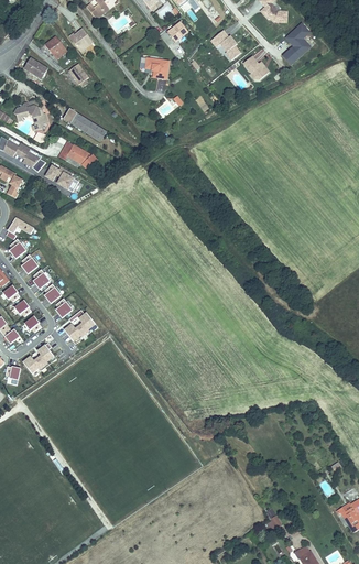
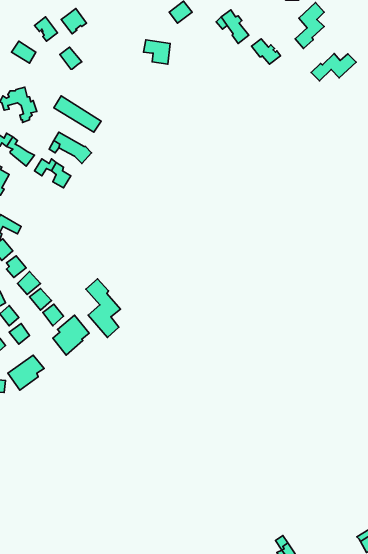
building: none -> [311,54,356,81]
building: none -> [86,279,120,337]

